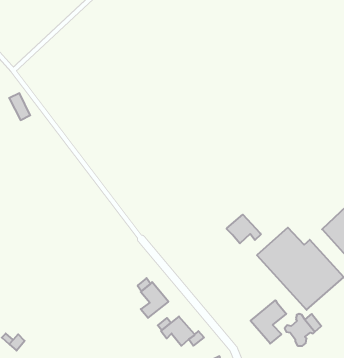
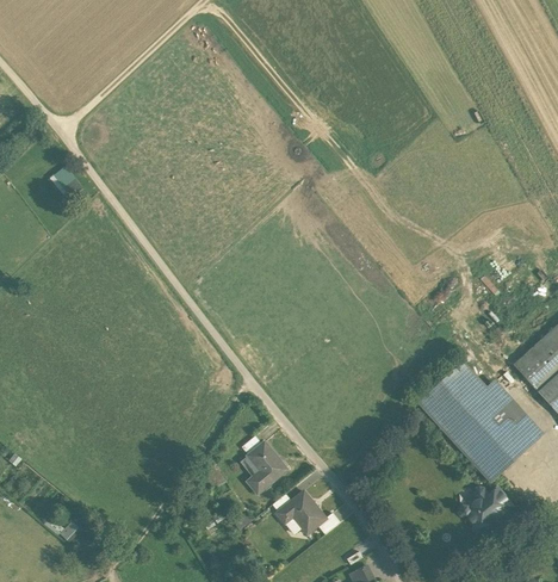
building: [227,215,261,243] -> none
building: [251,300,286,344] -> none

